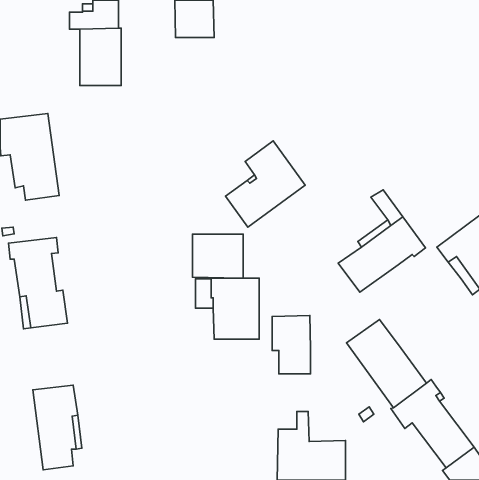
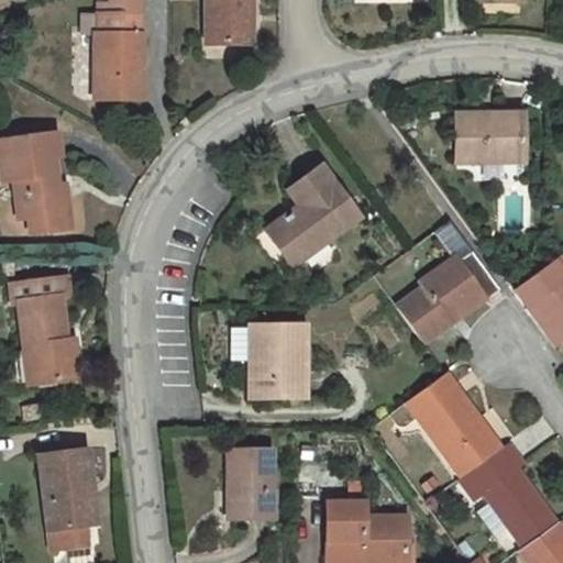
building: none -> [455,114,523,161]
building: [192,234,243,278] -> none
building: [272,316,311,374] -> [227,450,272,518]

